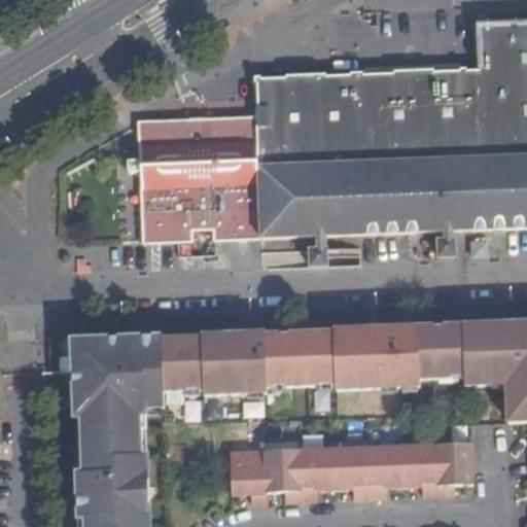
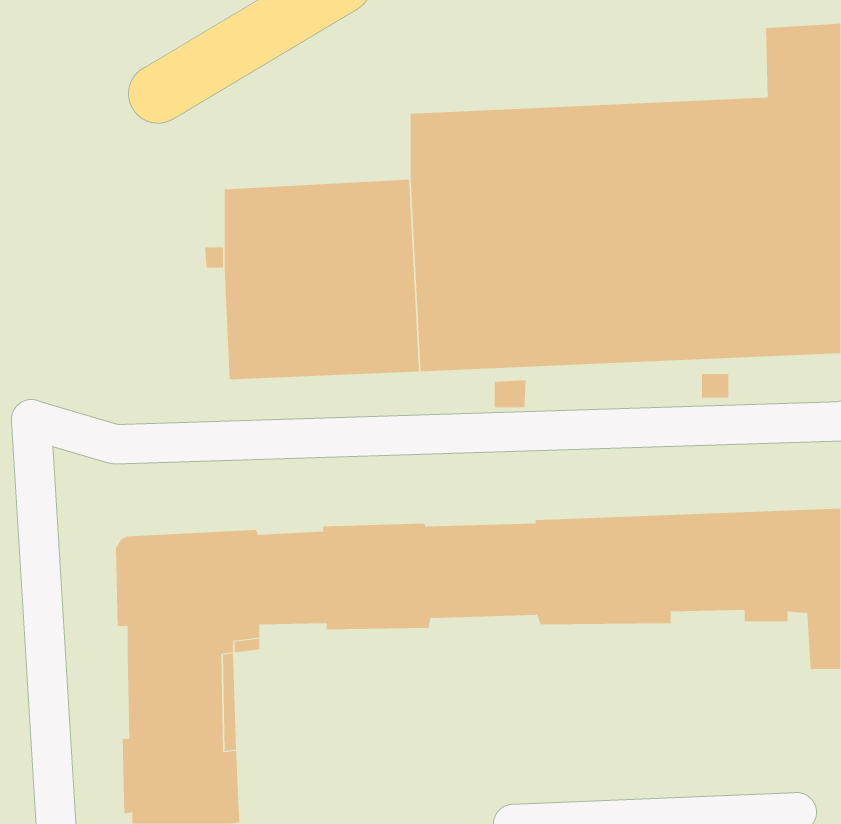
building: [232,447,472,506] -> none

